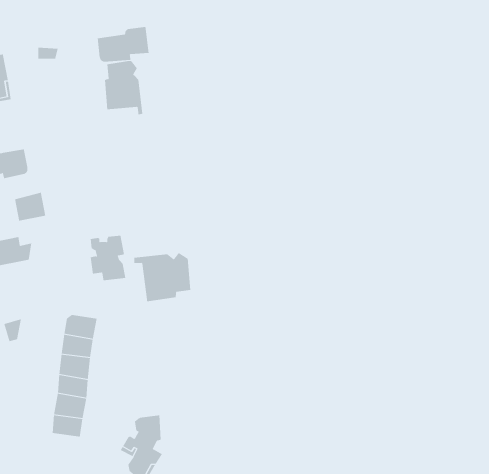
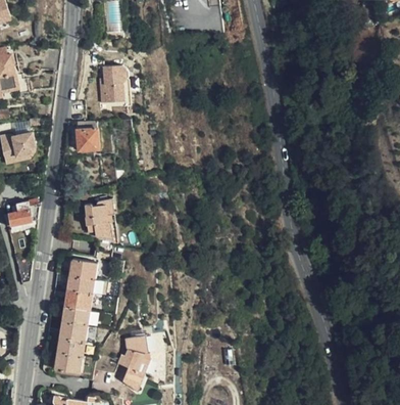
building: [97,26,149,63] -> none
building: none -> [77,120,99,150]
building: [14,192,46,221] -> none
building: [134,252,191,302] -> none
building: none -> [55,355,80,375]

